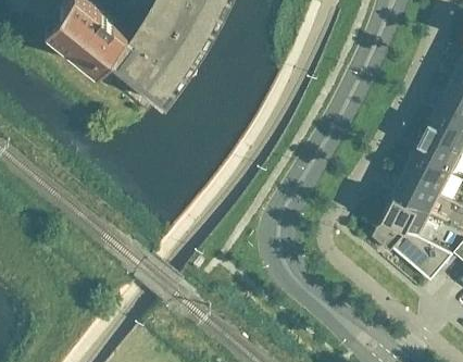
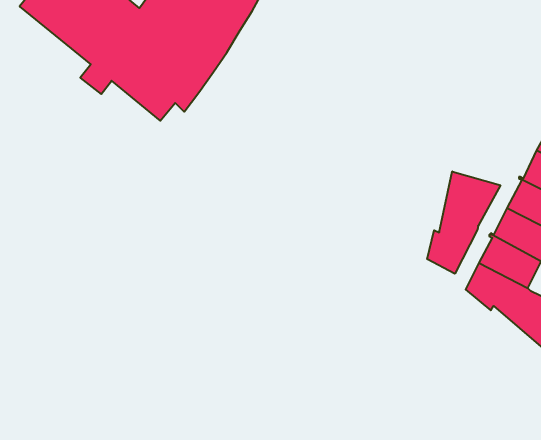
building: none -> [427,171,500,274]

